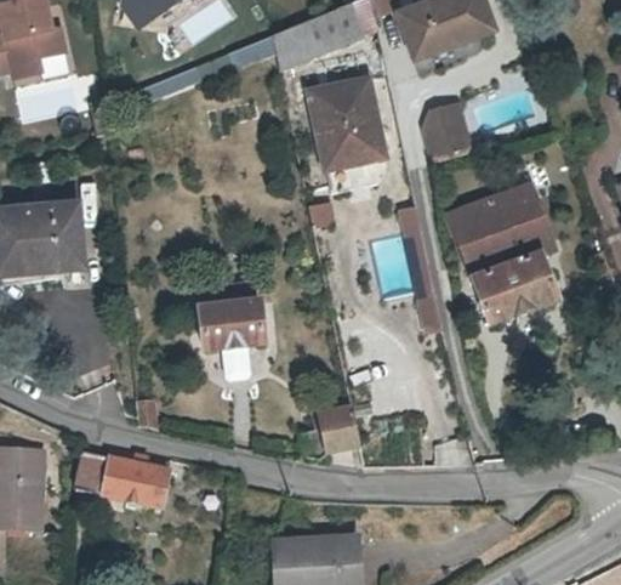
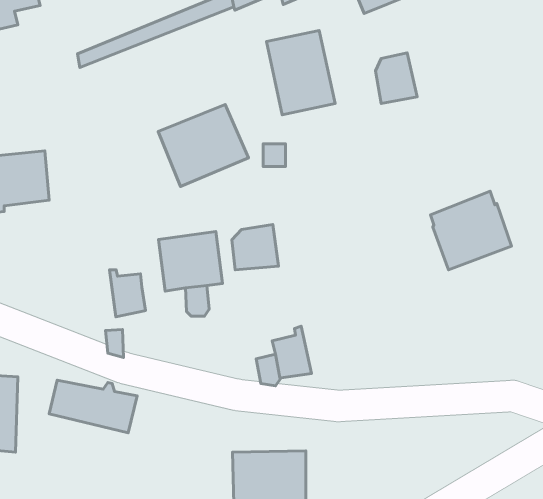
building: none -> [158,105,248,186]
building: [450,177,559,271] -> none
building: none -> [232,225,279,270]
building: none -> [109,270,146,317]

